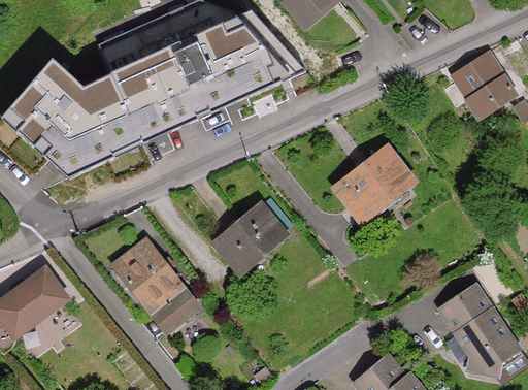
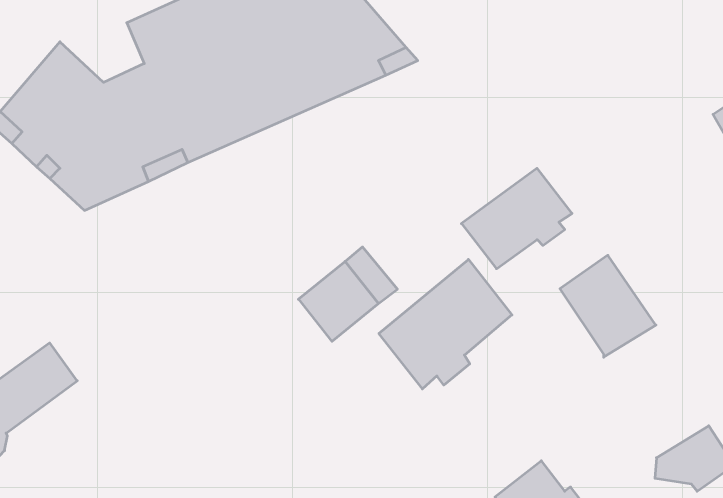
building: [459,54,513,116] -> none
building: none -> [379,259,512,389]
building: [114,239,197,327] -> none
building: [441,280,509,352] -> [560,255,656,357]

